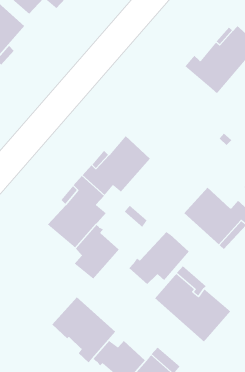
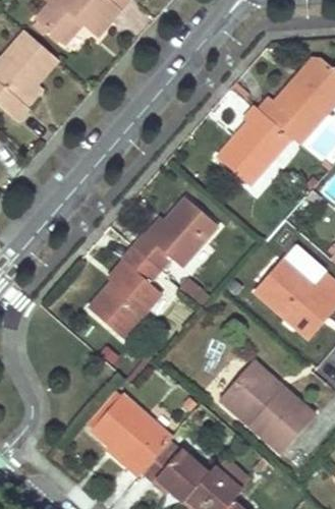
building: none -> [217,106,290,184]
building: [74,224,119,280] -> none
building: [129,231,190,285] -> none

